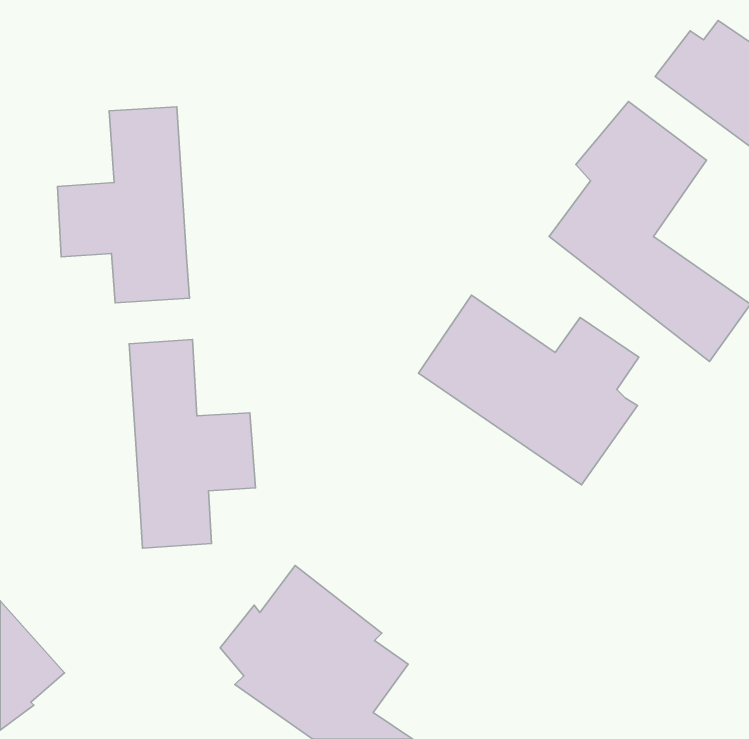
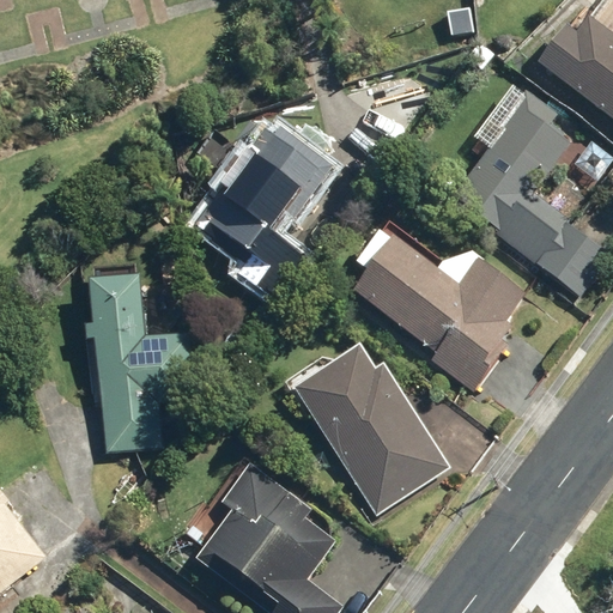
building: [58,107,189,303] -> none
building: none -> [193,115,335,298]
building: none -> [293,345,447,511]

